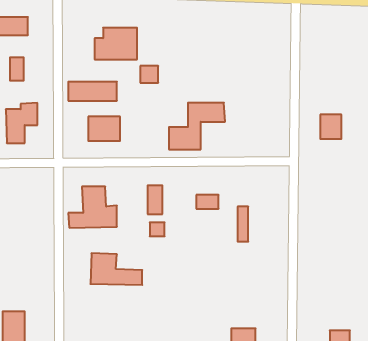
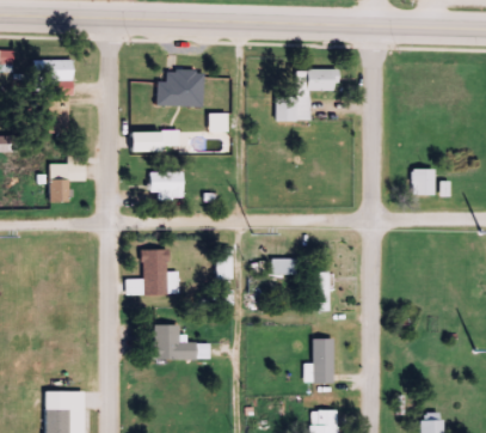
building: [169,103,225,149] -> [273,69,337,122]
building: none -> [312,340,332,383]

